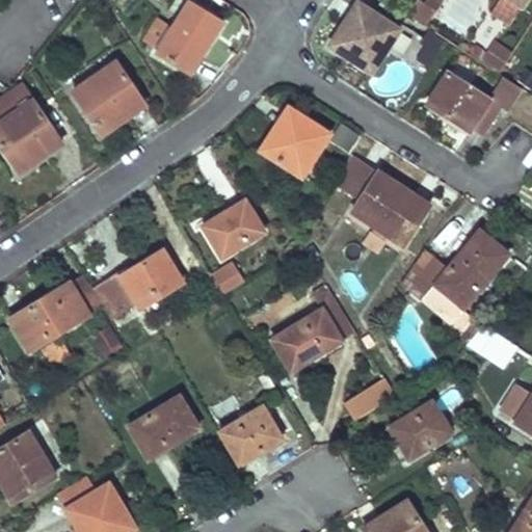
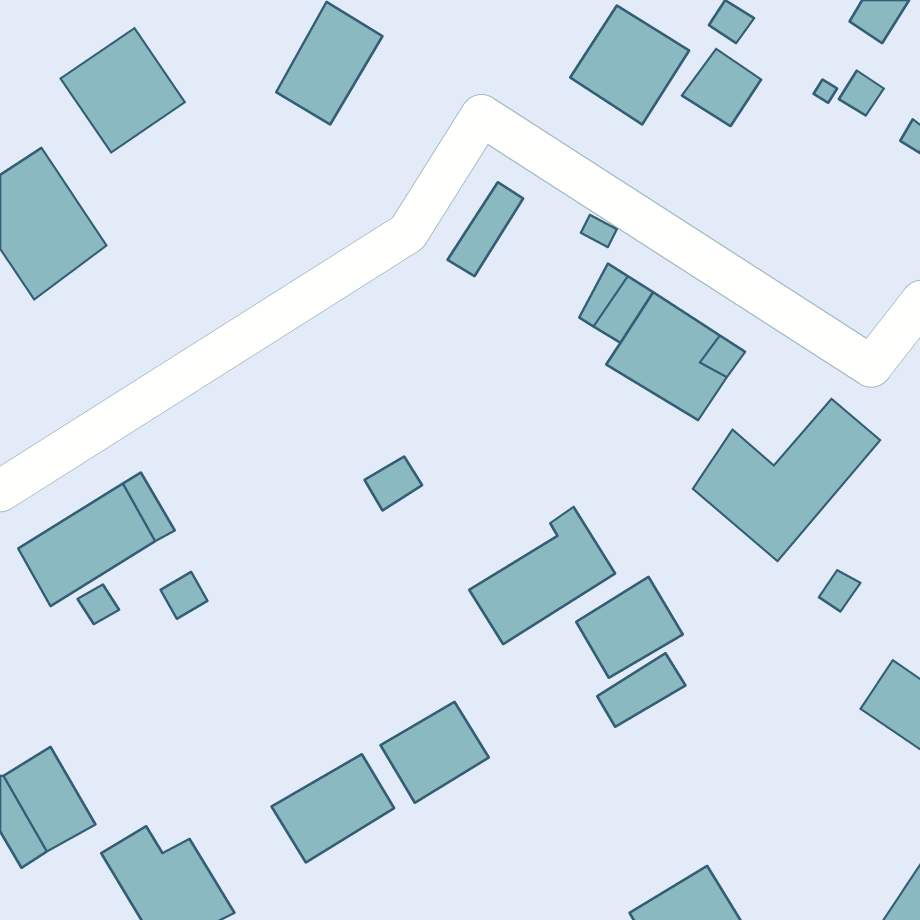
building: [73,62,144,134] -> [60,28,185,153]
building: [428,73,521,134] -> none
building: [274,115,330,179] -> none
building: [203,200,266,258] -> none
building: [95,250,184,319] -> none
building: [129,395,200,457] -> [272,754,394,862]
building: [391,400,452,458] -> [576,577,683,678]

